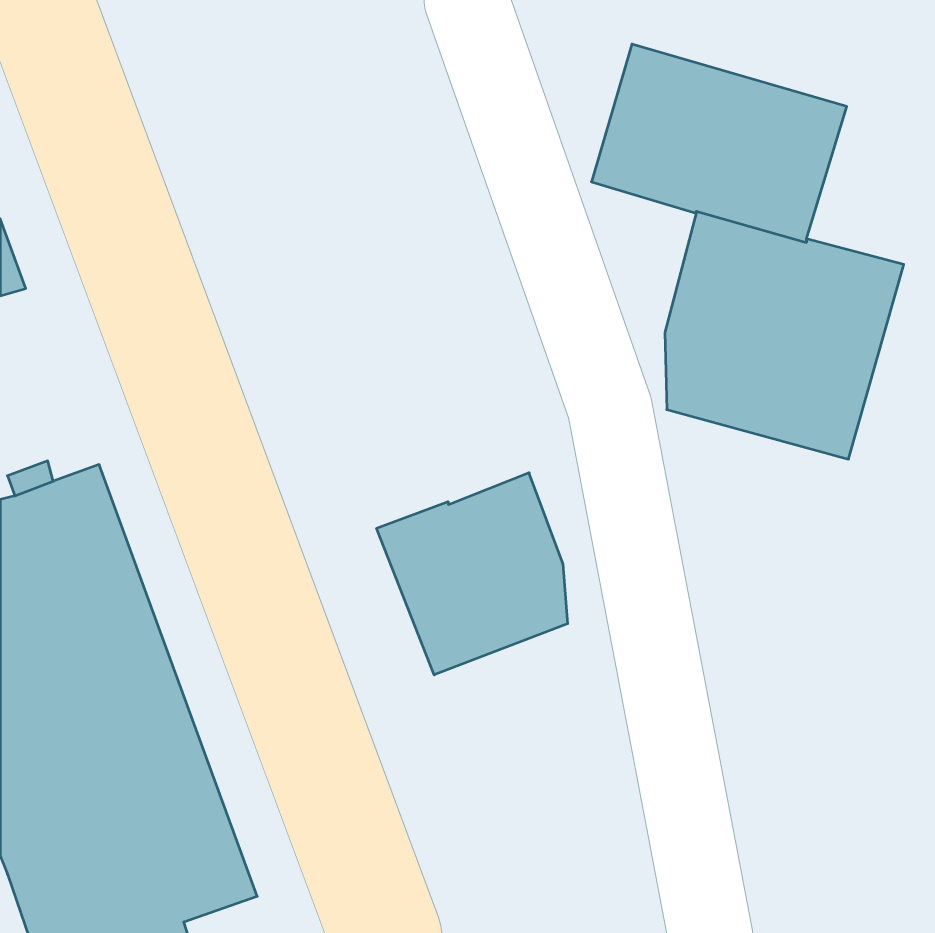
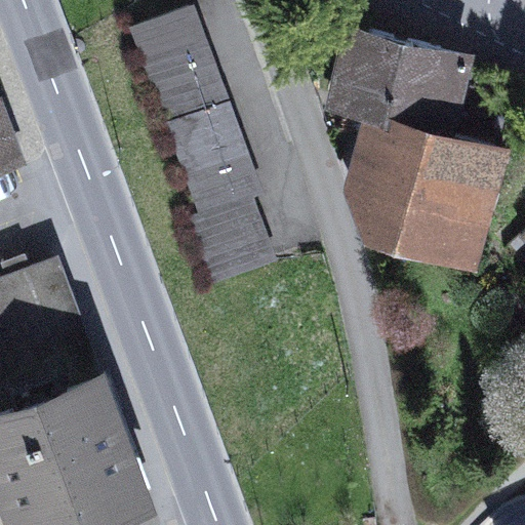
building: none -> [134,9,273,284]
building: [377,473,568,675] -> none

